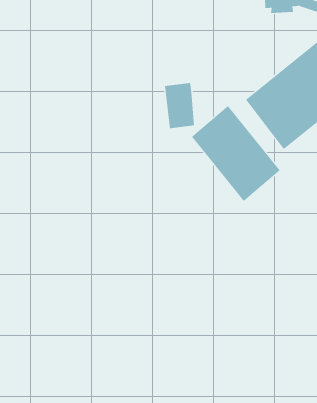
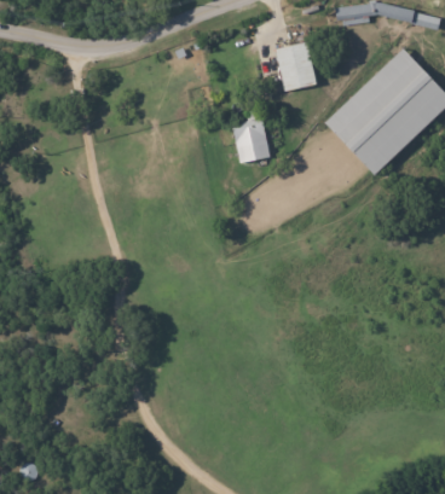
building: none -> [276,42,316,92]
building: [191,105,281,202] -> none

